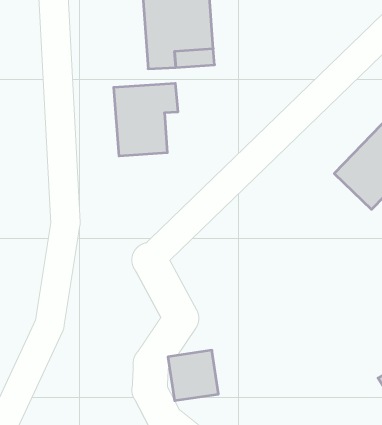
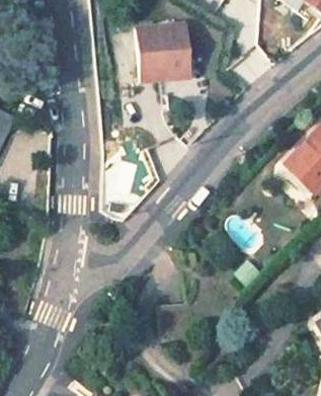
building: [114,83,178,156] -> none

